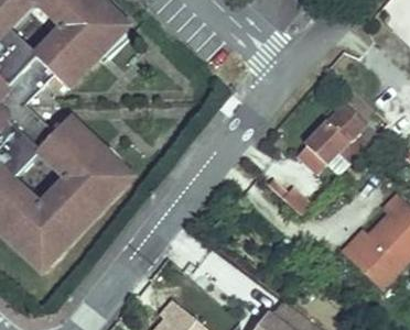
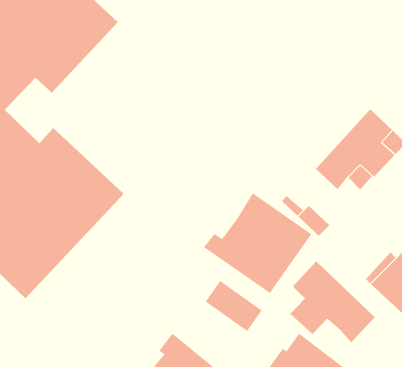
building: none -> [203,193,312,294]
building: none -> [290,261,375,343]

